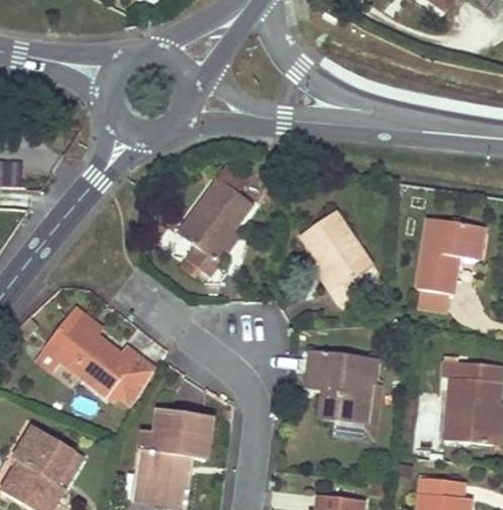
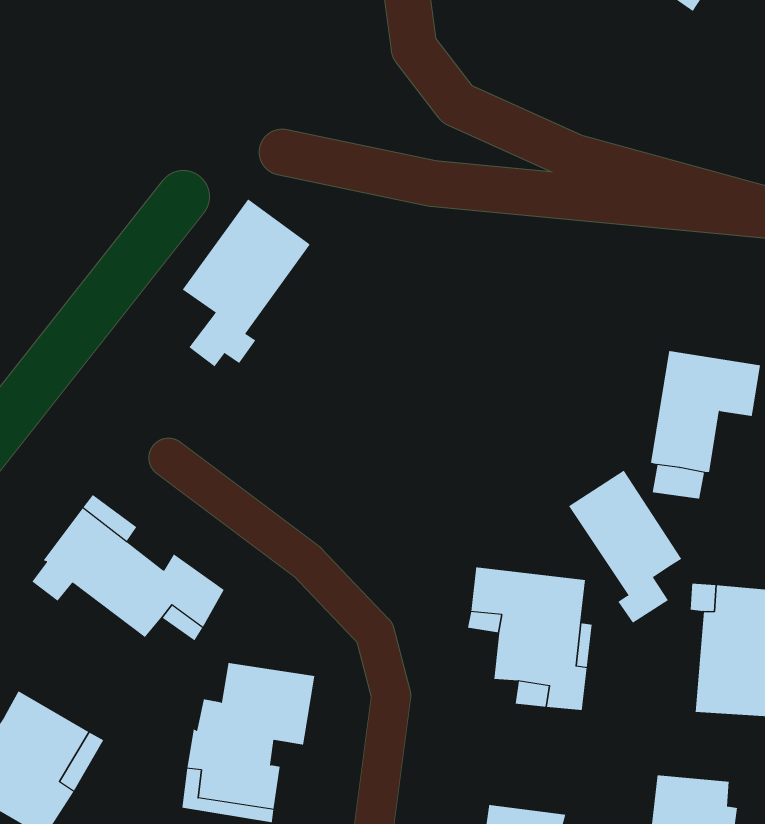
building: [176,176,255,279] -> [182,199,311,367]
building: [301,211,371,305] -> [568,470,682,623]

